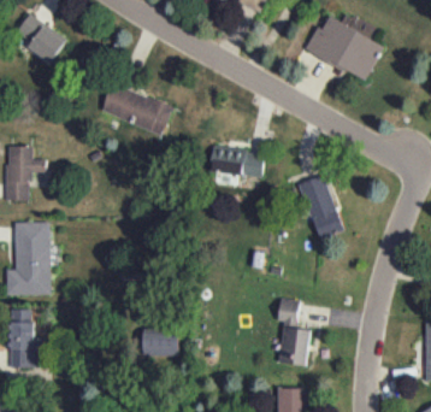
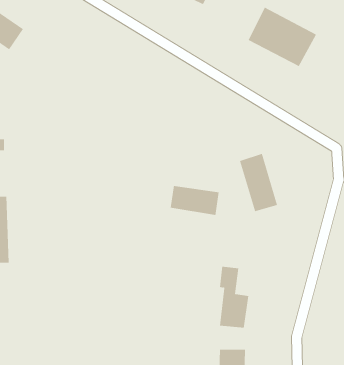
building: [101,84,173,134] -> none
building: [211,146,265,178] -> [170,186,220,216]
building: [143,329,179,357] -> none

